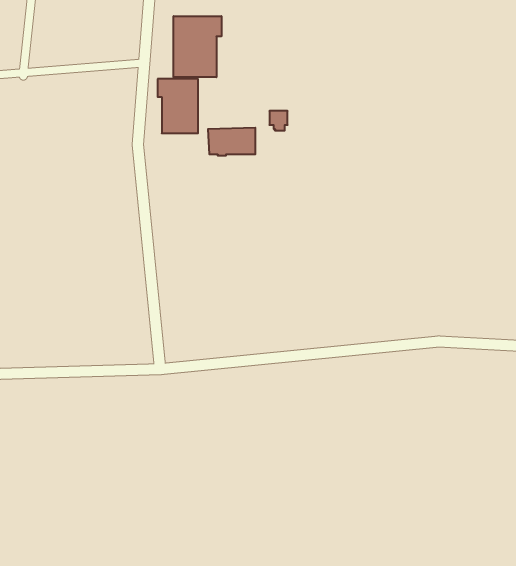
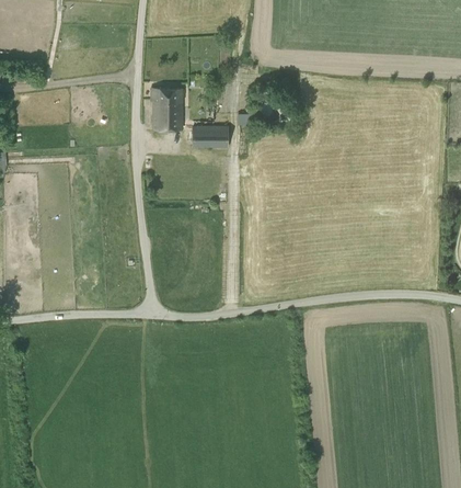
building: [174,16,221,77] -> none

